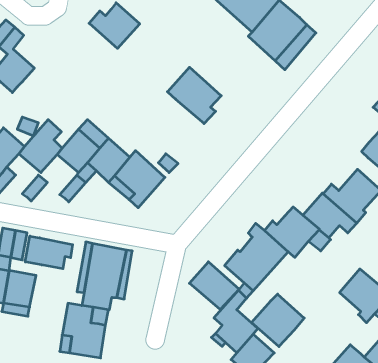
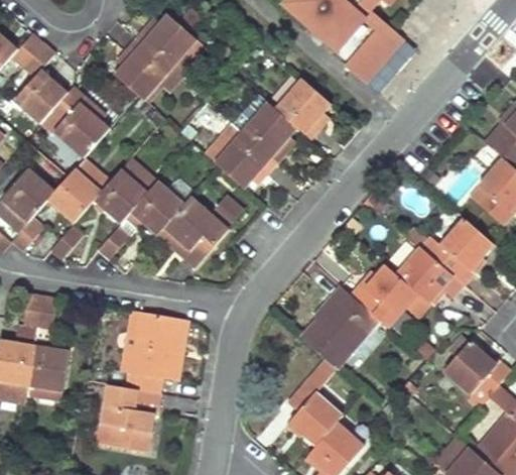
building: none -> [114,37,169,98]
building: none -> [275,77,332,138]
building: none -> [51,85,110,156]
building: none -> [205,122,276,188]
building: [25,236,73,269] -> none
building: [189,262,239,309] -> none
building: [251,294,304,347] -> none

